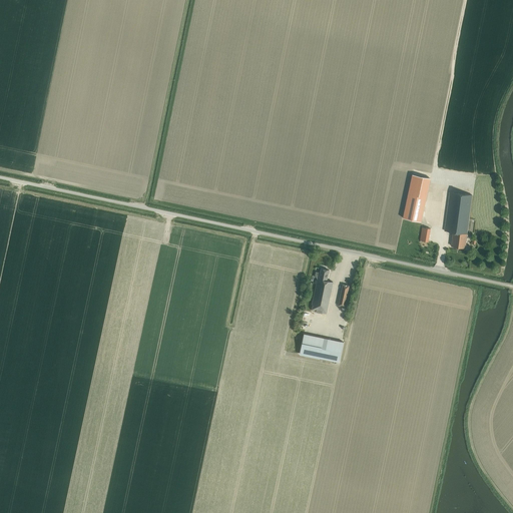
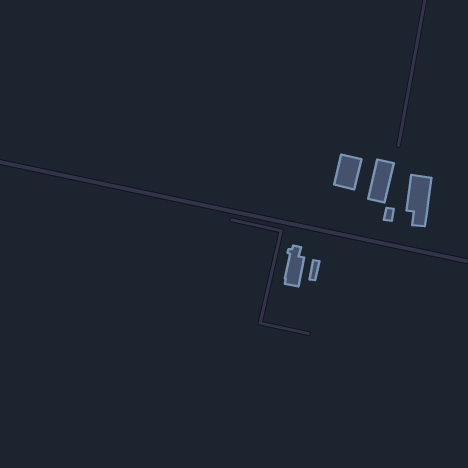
building: none -> [334,154,361,189]
building: [300,334,344,362] -> none

